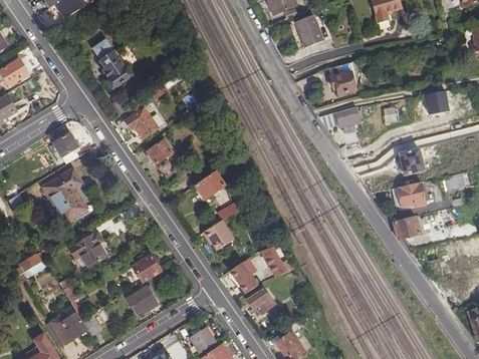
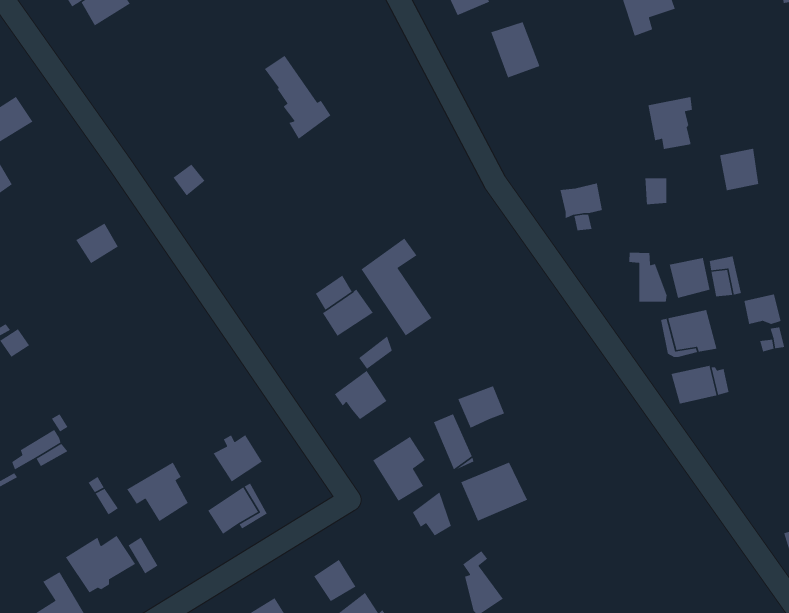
building: [94,39,134,88] -> [264,55,332,140]
building: [328,63,354,94] -> [648,96,693,150]
building: [127,107,158,138] -> none
building: [148,140,174,172] -> none
building: none -> [361,237,432,337]
building: none -> [628,252,668,303]
building: [44,168,87,222] -> none
building: none -> [457,385,505,429]
building: [70,232,106,267] -> [126,461,189,522]
building: none -> [460,461,528,522]

